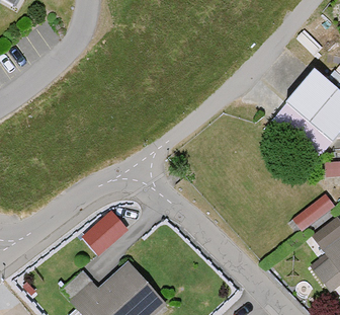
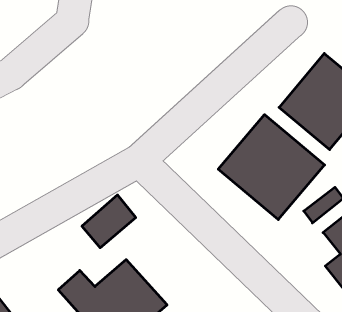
building: none -> [218,115,325,220]

